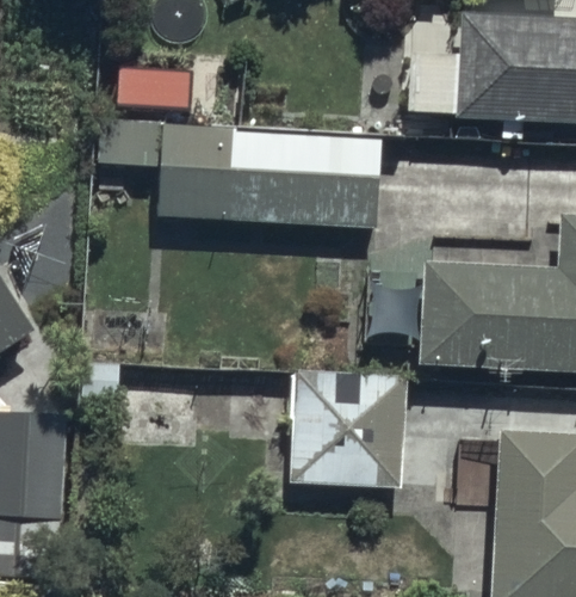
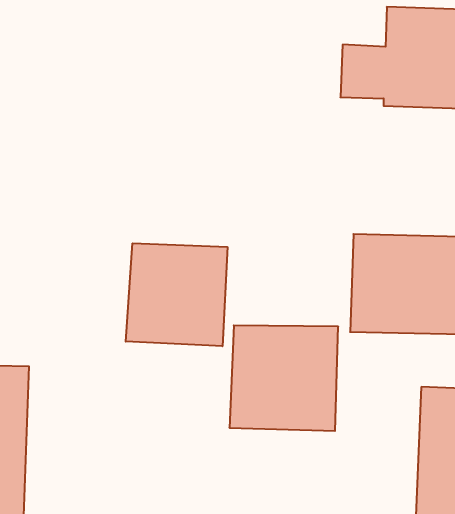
building: [160,116,382,224] -> none
building: none -> [126,243,227,346]

